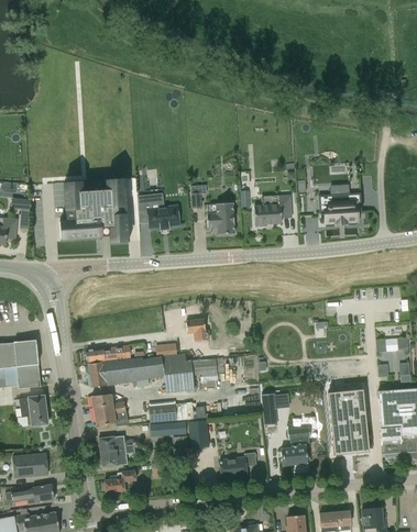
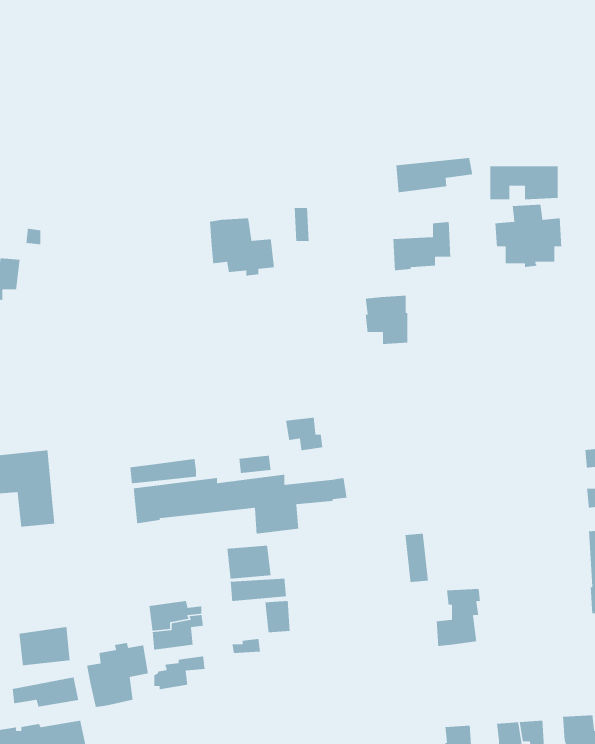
building: none -> [395,157,473,193]
building: [65,185,129,239] -> none
building: [207,202,234,234] -> [365,295,408,345]
building: [327,389,367,454] -> none
building: [19,395,48,425] -> none
building: [91,395,128,425] -> none
building: [189,419,209,447] -> none
building: [220,453,257,478] -> none
building: none -> [86,642,149,708]

